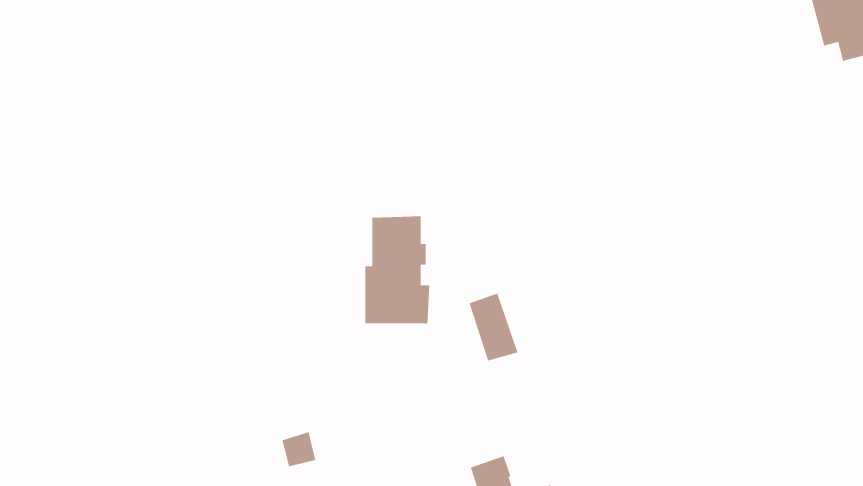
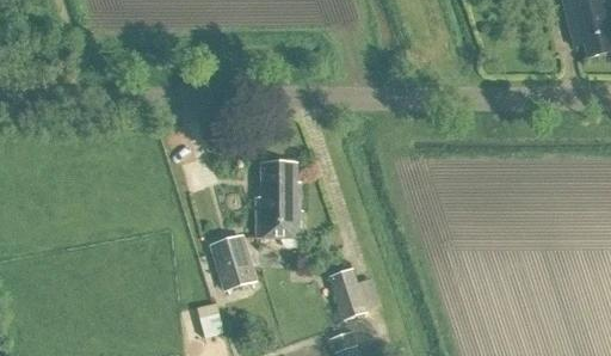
building: [468,293,519,362] -> [331,269,365,317]
building: none -> [209,232,257,289]

